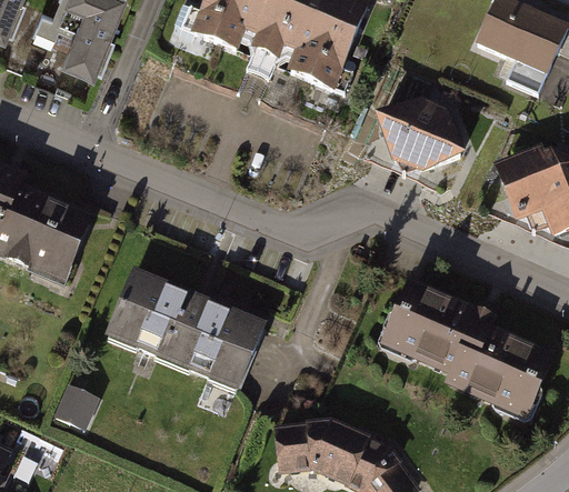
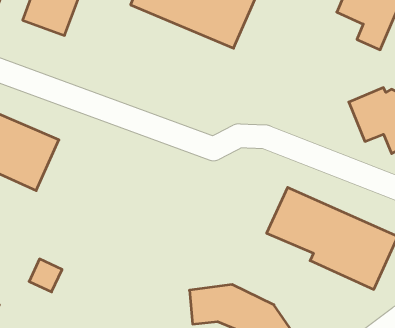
building: [376,96,466,171] -> none
building: [107,271,267,394] -> none

